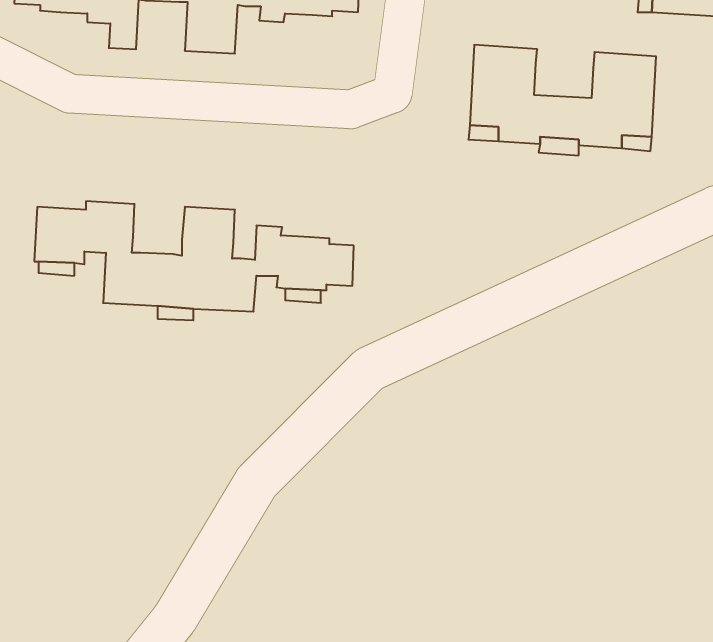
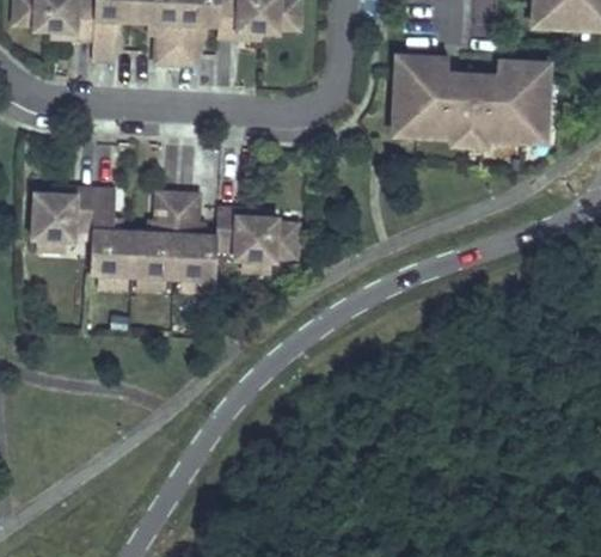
building: none -> [448,71,497,99]

